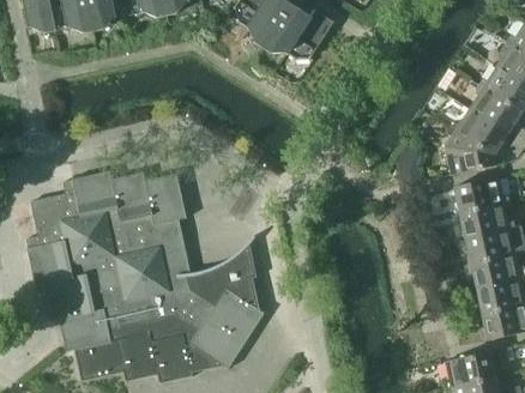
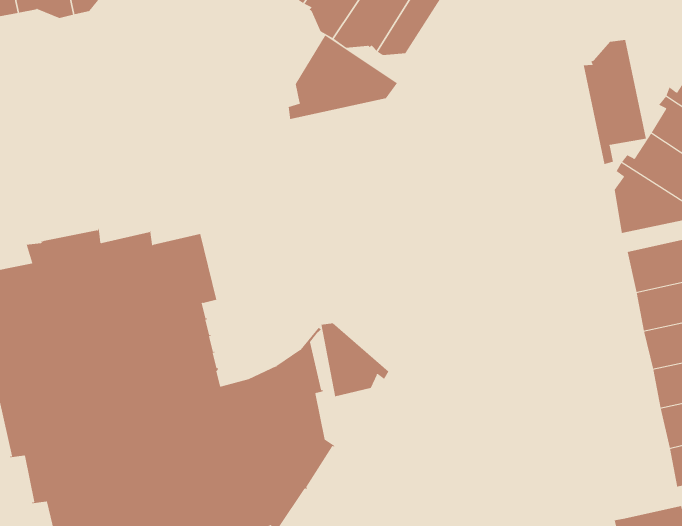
building: none -> [288,34,398,120]
building: none -> [583,39,646,165]
building: none -> [321,322,389,397]

